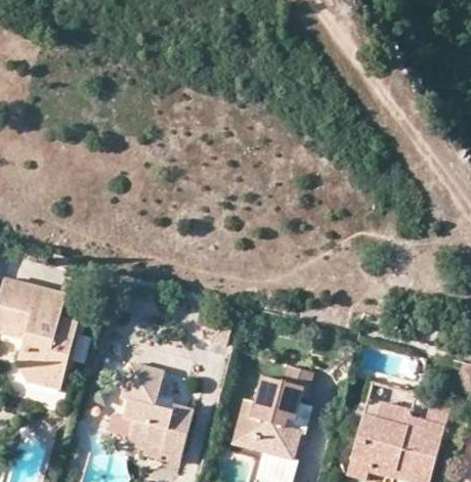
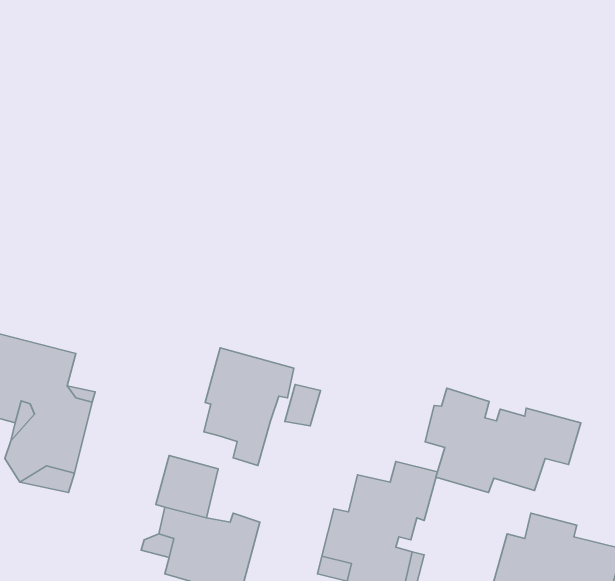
building: none -> [204,348,294,466]
building: none -> [425,388,581,493]

